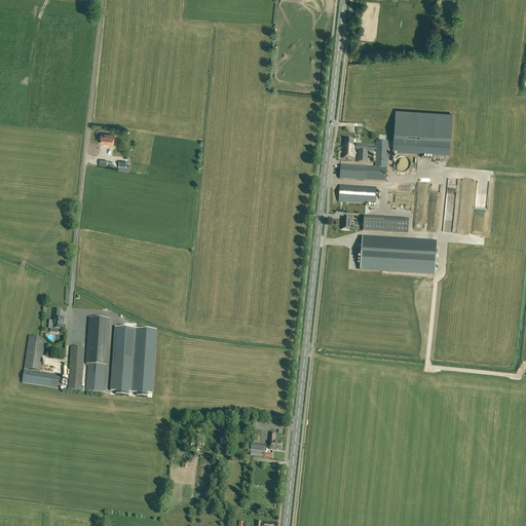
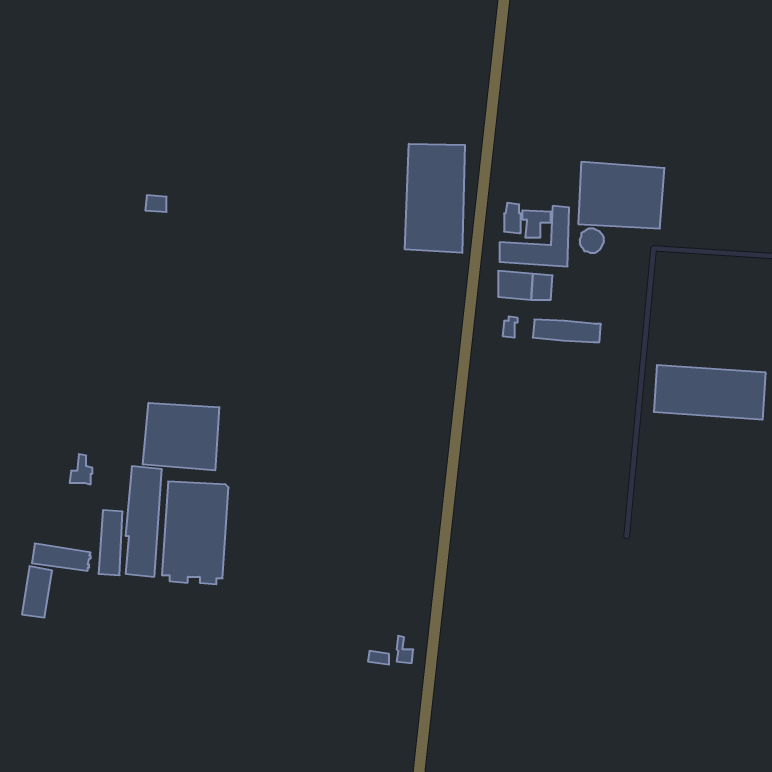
building: none -> [405,144,465,253]
building: [360,236,436,273] -> [654,365,766,420]
building: none -> [143,403,219,470]
building: [24,335,44,370] -> [22,566,52,617]

